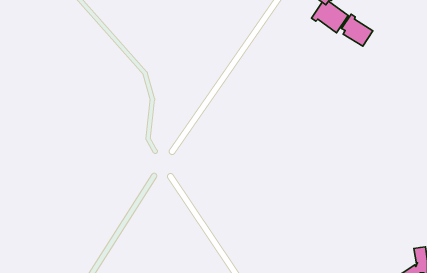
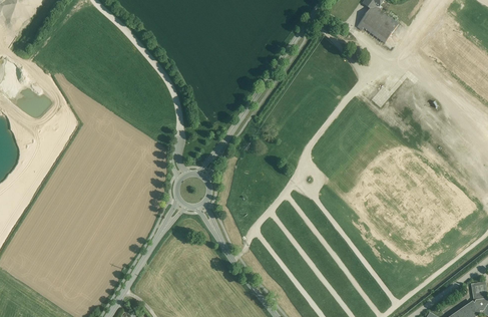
building: [342,14,373,46] -> none

